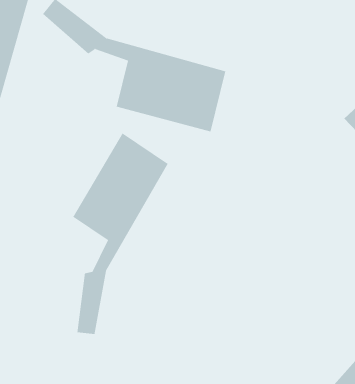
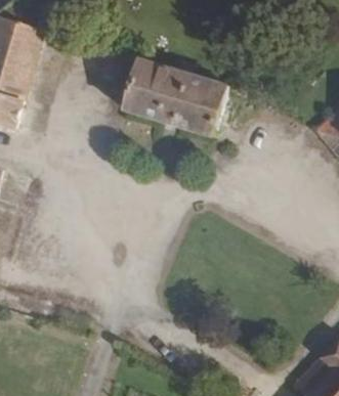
building: [72,133,168,335] -> none

